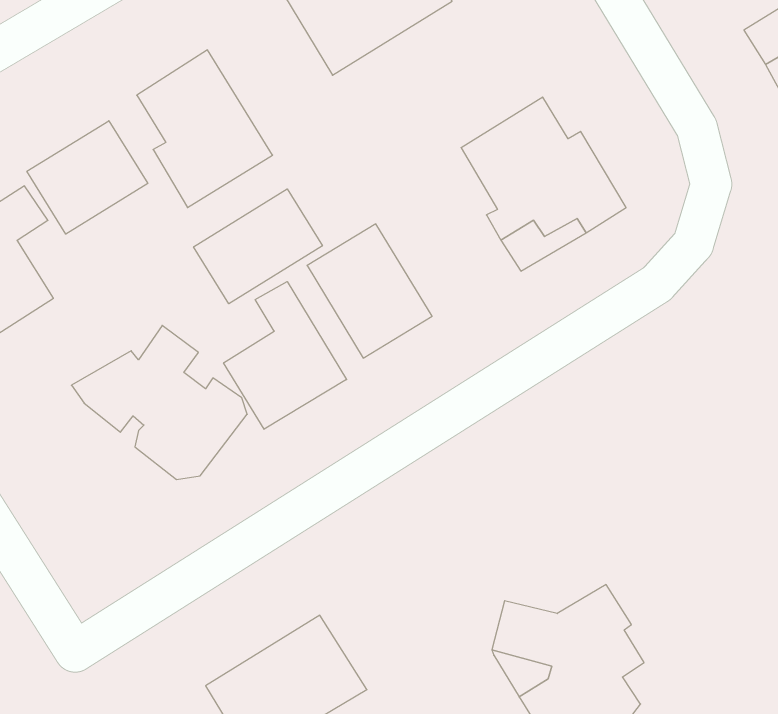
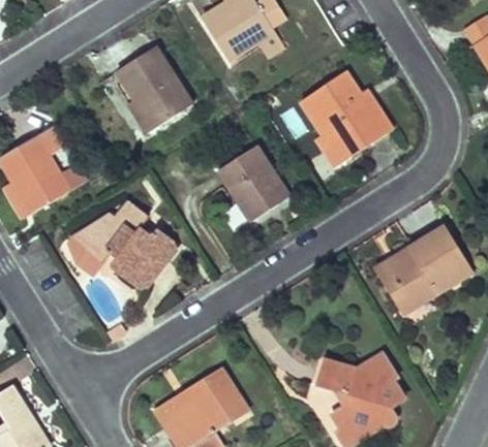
building: [27,121,148,234] -> none
building: [194,189,322,304] -> none
building: [224,282,347,429] -> none
building: none -> [377,229,469,314]

